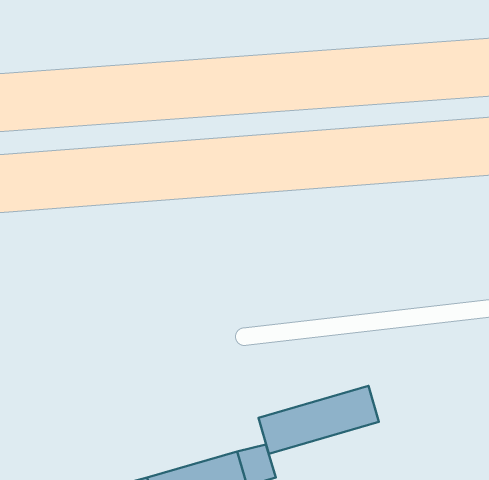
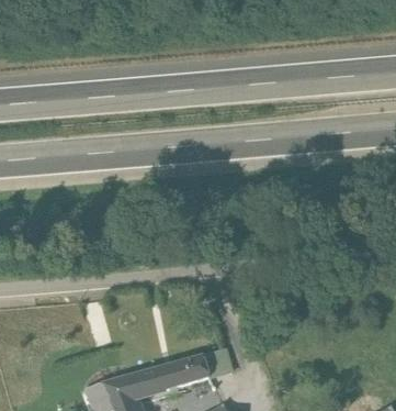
building: [259,386,379,454] -> none

